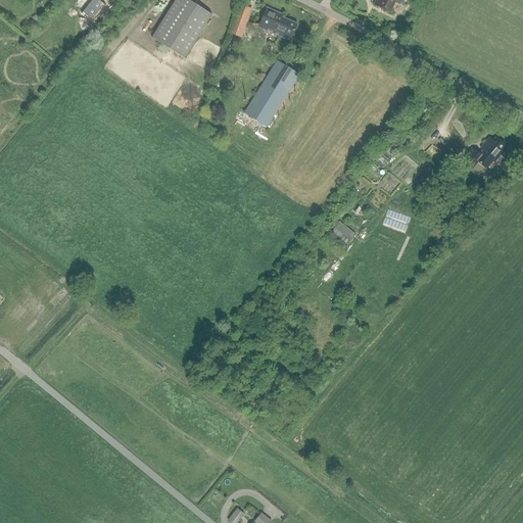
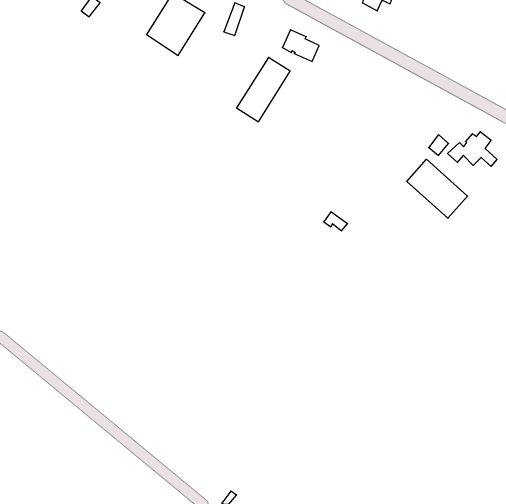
building: [258,6,296,39] -> [282,30,319,61]
building: none -> [407,159,468,218]

